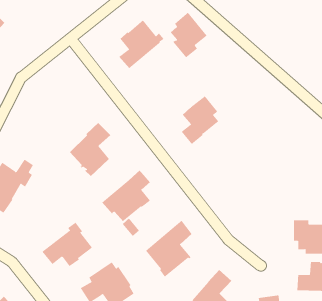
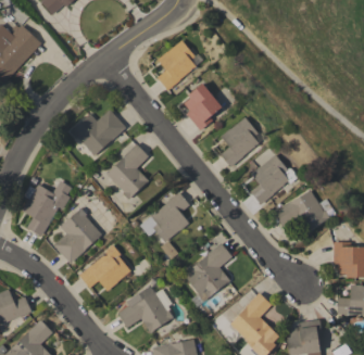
building: [170,12,207,58] -> [184,83,222,129]
building: none -> [70,109,126,155]
building: none -> [250,154,297,204]
building: none -> [273,190,338,231]
building: none -> [53,207,102,263]

